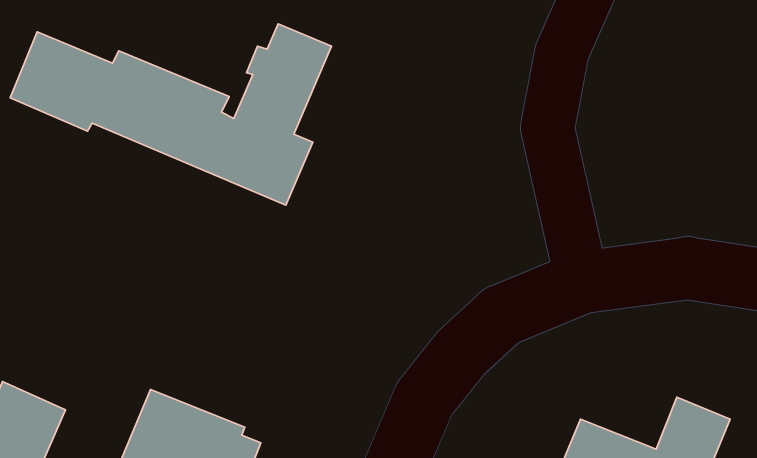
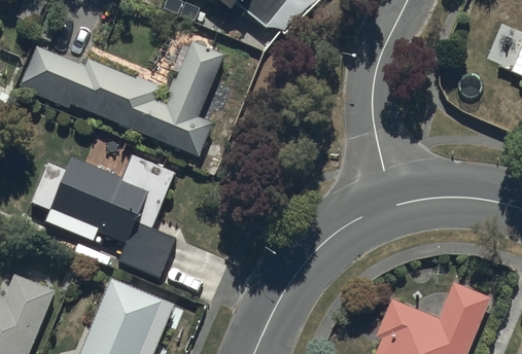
building: none -> [31,149,178,277]

